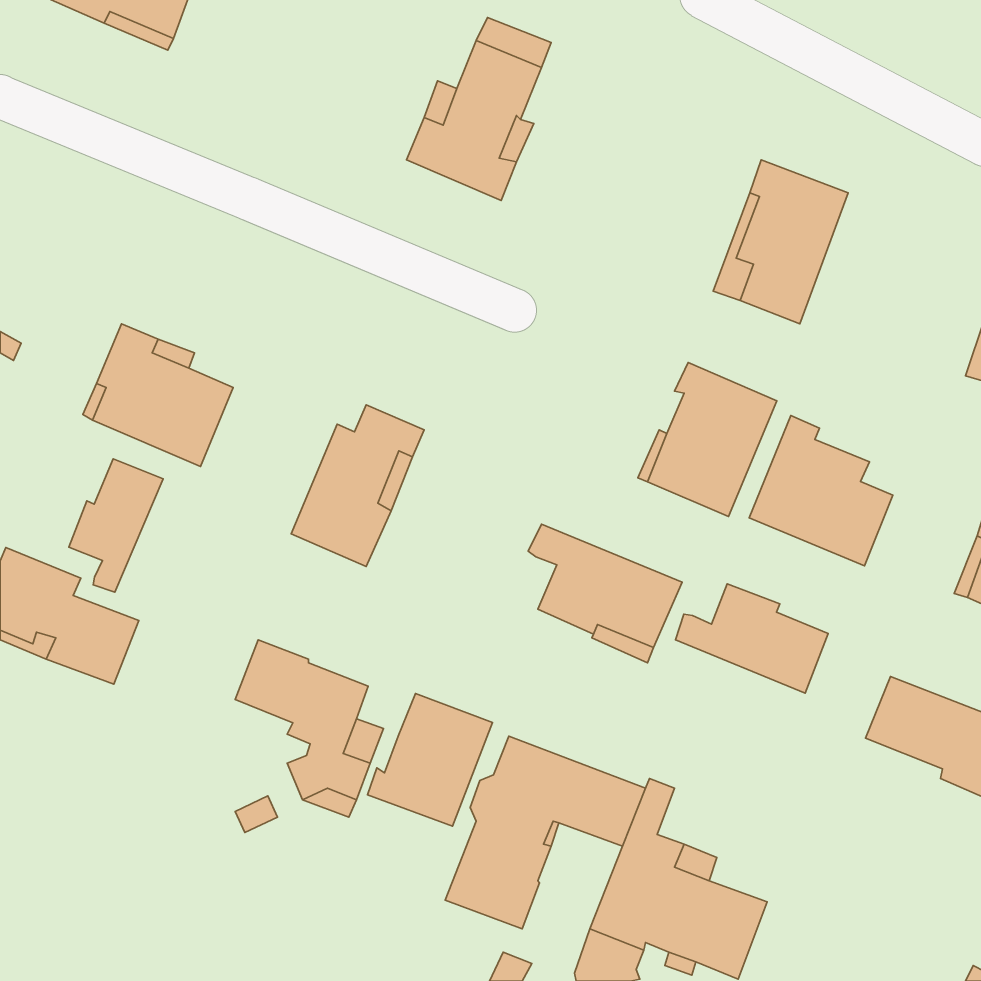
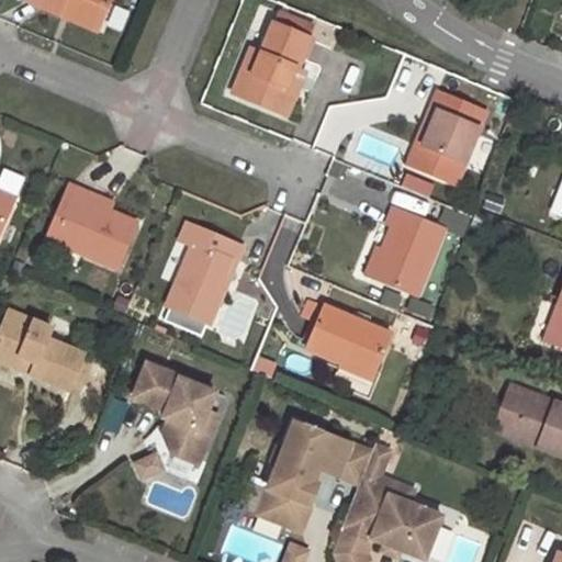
building: [749,416,893,566] -> none
building: [69,459,163,592] -> none
building: [675,584,828,693] -> none
building: [368,694,492,826] -> none

